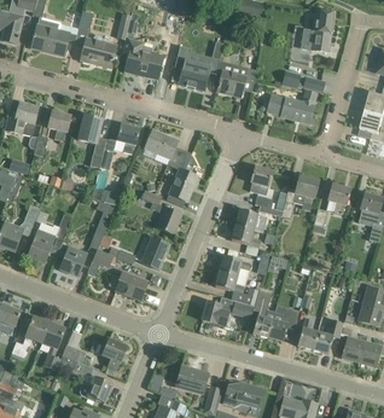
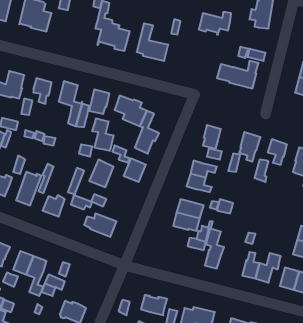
building: [81,34,116,65] -> none
building: [217,70,256,97] -> [199,12,231,35]
building: none -> [92,118,114,151]
building: [140,237,169,269] -> [89,160,114,187]
building: [202,301,235,329] -> none
building: [267,307,299,342] -> none
building: [94,339,127,371] -> none

